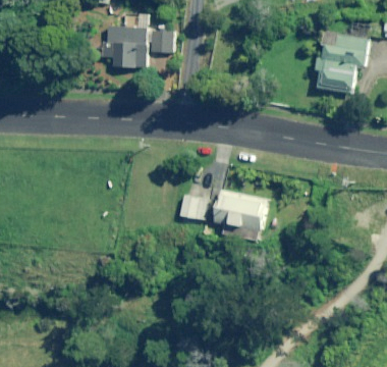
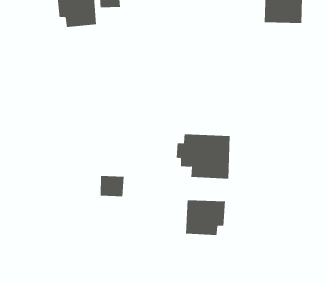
building: [179,195,207,219] -> [100,176,125,197]
building: none -> [186,199,225,236]

